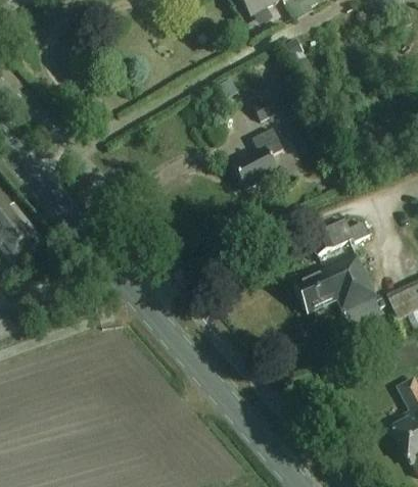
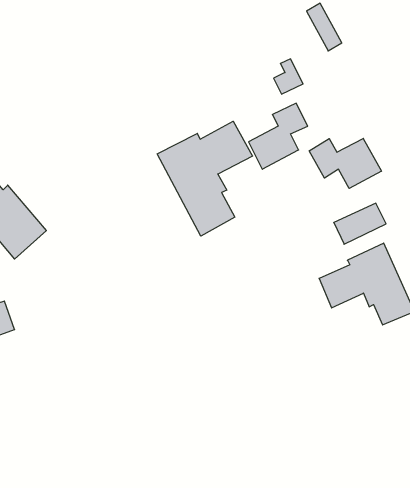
building: none -> [157,121,253,236]
building: none -> [309,138,381,188]

